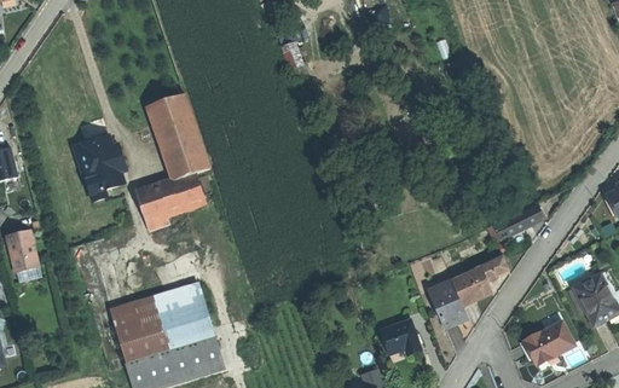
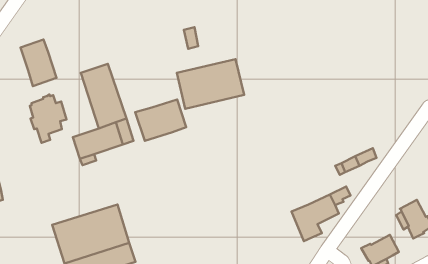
building: none -> [20,40,57,86]
building: none -> [177,59,244,109]
building: none -> [135,99,186,141]
building: [382,322,420,354] -> none

